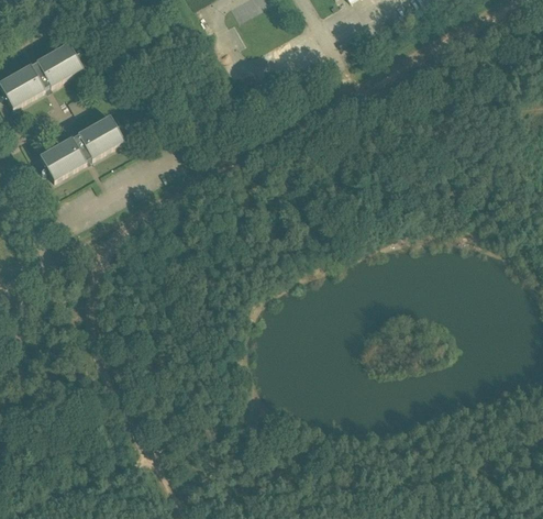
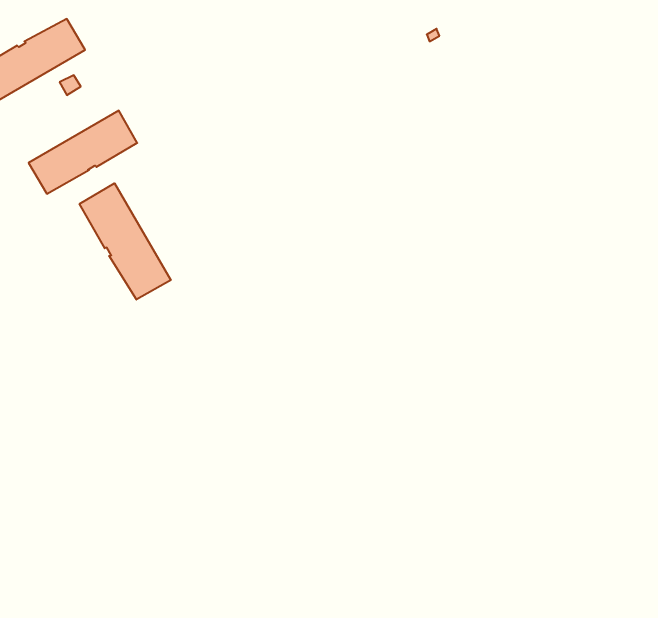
building: none -> [80,183,171,300]

